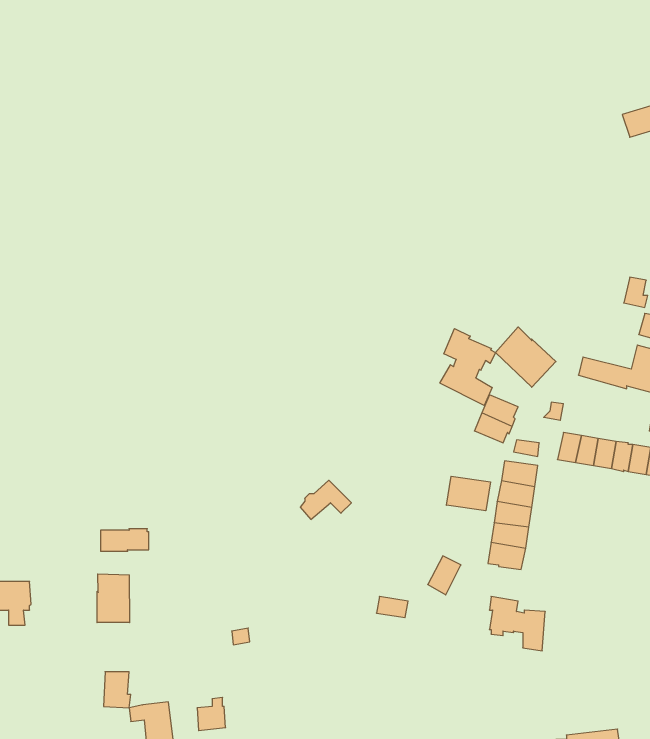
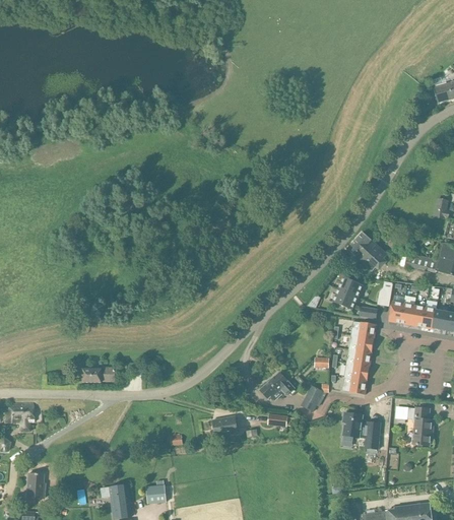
building: [440,329,496,405] -> none
building: [446,476,490,511] -> none
building: [300,480,351,519] -> [260,372,295,398]
building: [97,574,130,623] -> none
building: none -> [408,407,433,444]
building: none -> [213,415,238,436]
building: [104,672,131,708] -> [26,473,45,498]

